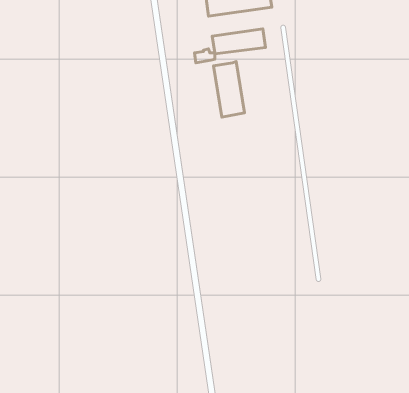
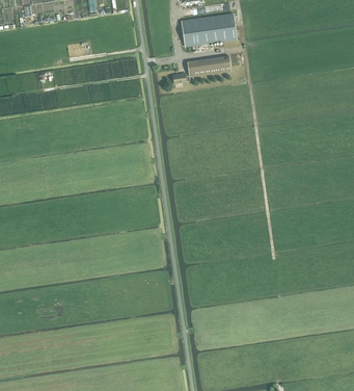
building: [213,62,245,117] -> none

